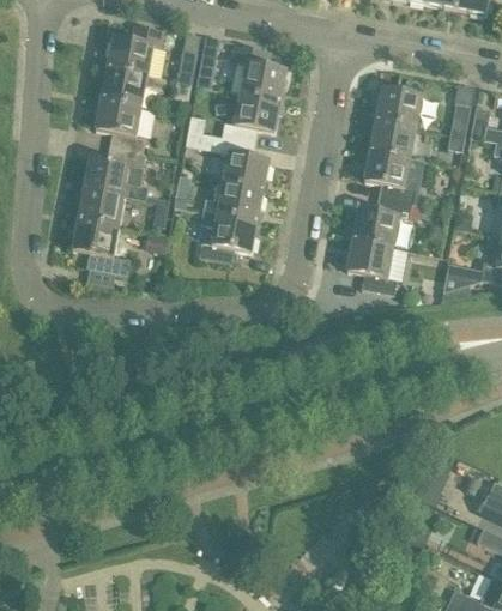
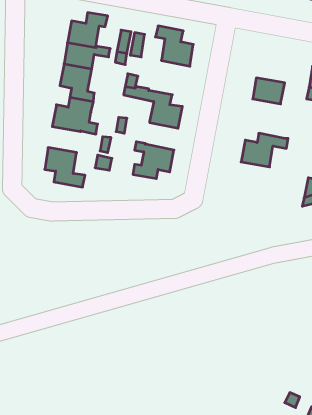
building: [375,89,422,127] -> none
building: [222,95,280,144] -> none
building: [364,150,424,206] -> none
building: [204,182,264,223] -> none
building: [78,189,125,226] -> none
building: [349,240,398,294] -> none

